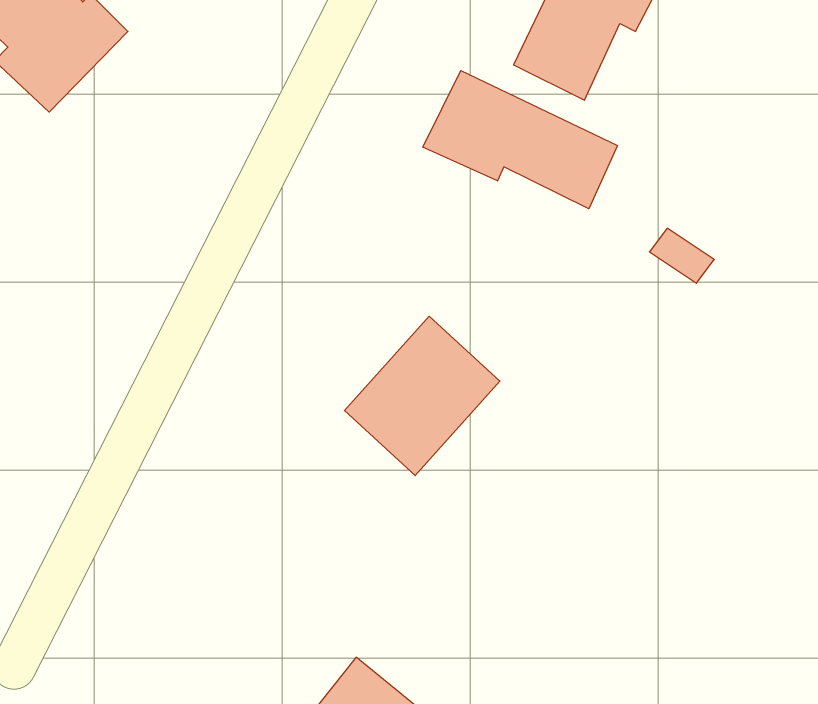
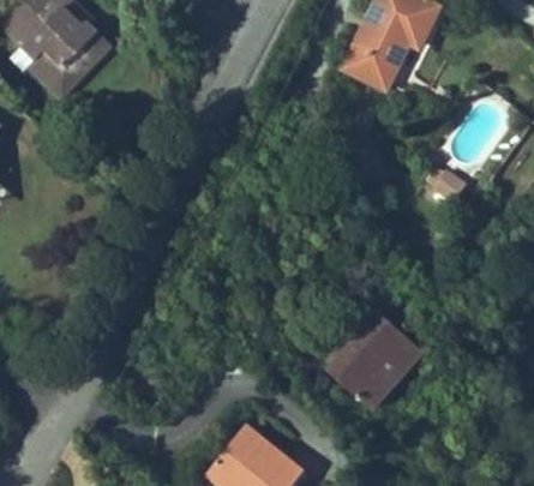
building: [423,71,617,209] -> none
building: [344,316,500,476] -> [329,312,424,409]

